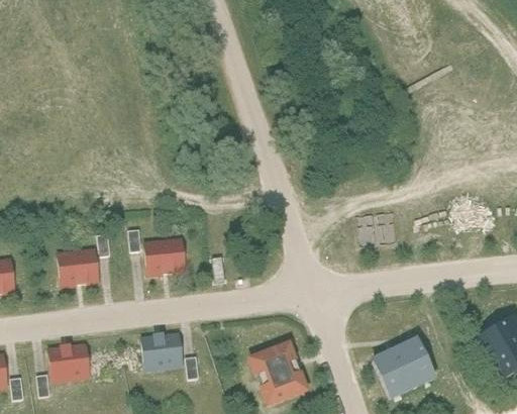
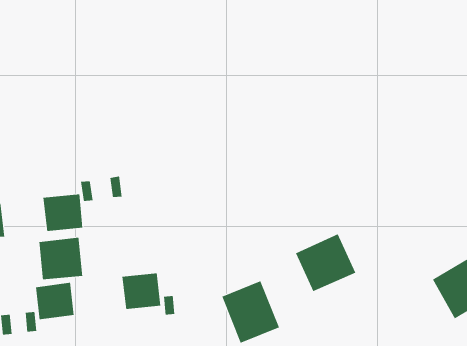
building: [142,236,186,277] -> none
building: none -> [39,237,83,280]
building: [370,337,435,400] -> [295,233,356,292]

